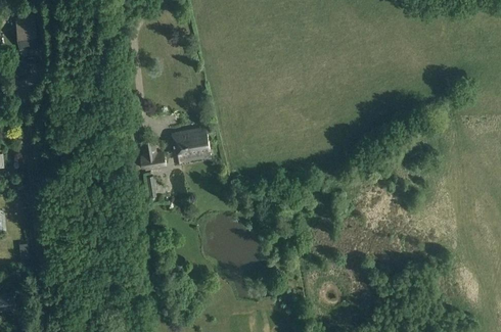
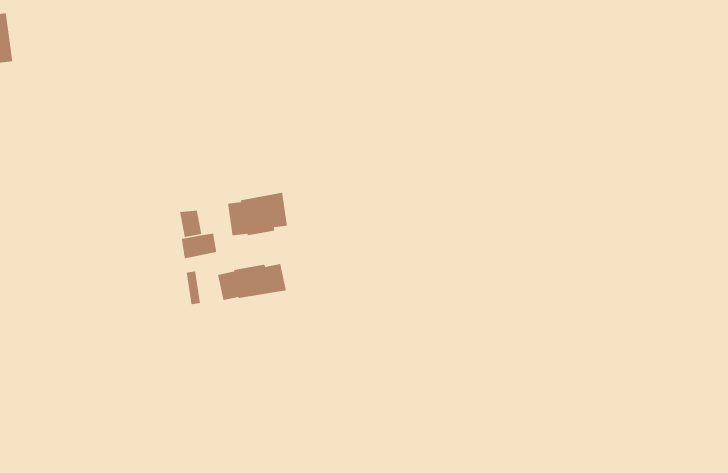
building: none -> [217,263,287,301]

